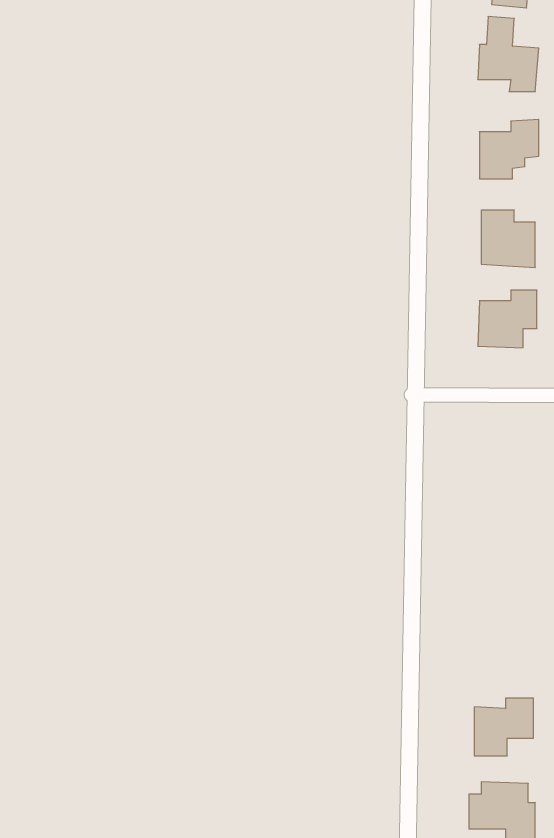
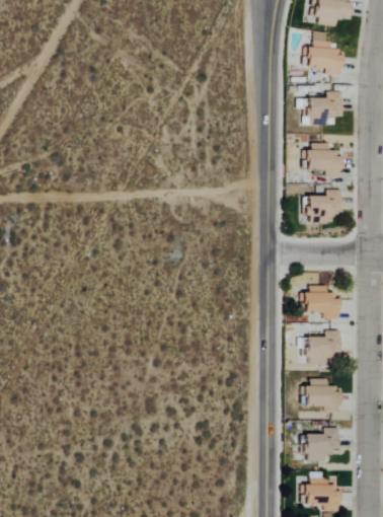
building: none -> [303,285,338,319]
building: none -> [304,330,338,365]
building: none -> [304,377,338,412]

